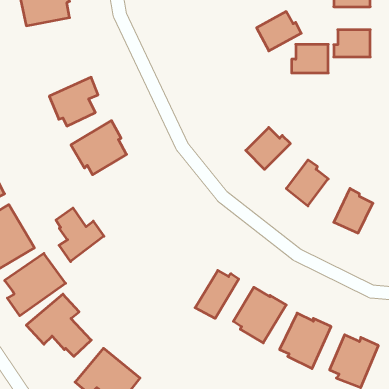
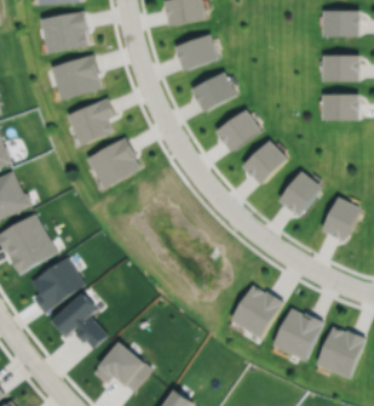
building: none -> [178,36,217,69]
building: [257,12,301,51] -> [195,75,235,110]
building: none -> [53,56,100,98]
building: [292,44,328,73] -> [324,96,357,121]
building: none -> [219,113,260,150]
building: [56,208,104,262] -> none
building: [195,270,239,318] -> none

